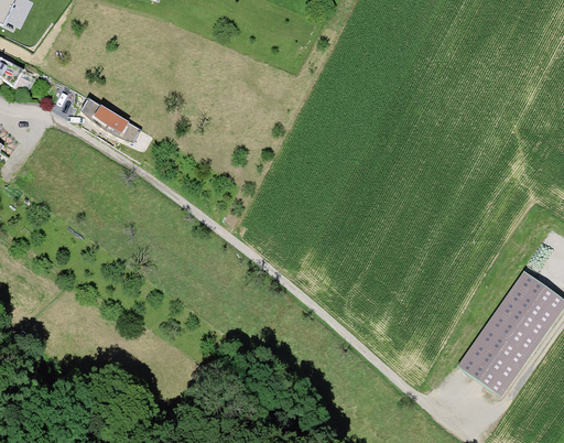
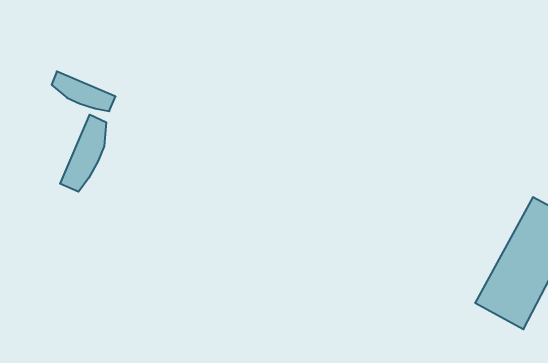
building: none -> [60,115,106,192]

